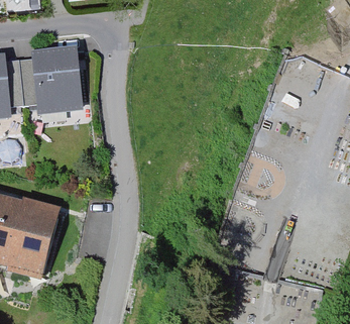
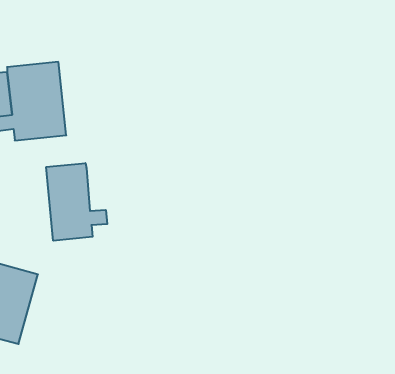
building: none -> [46,163,107,241]

